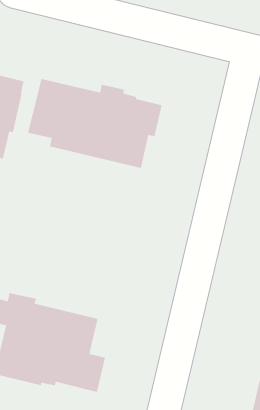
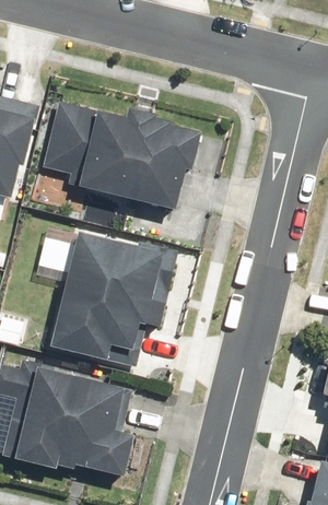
building: none -> [54,235,178,363]

